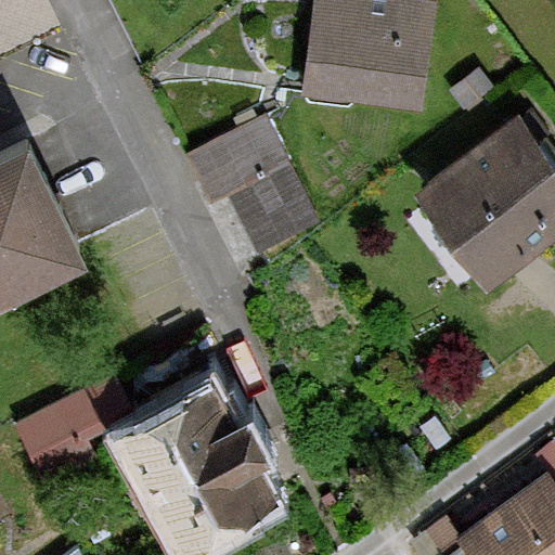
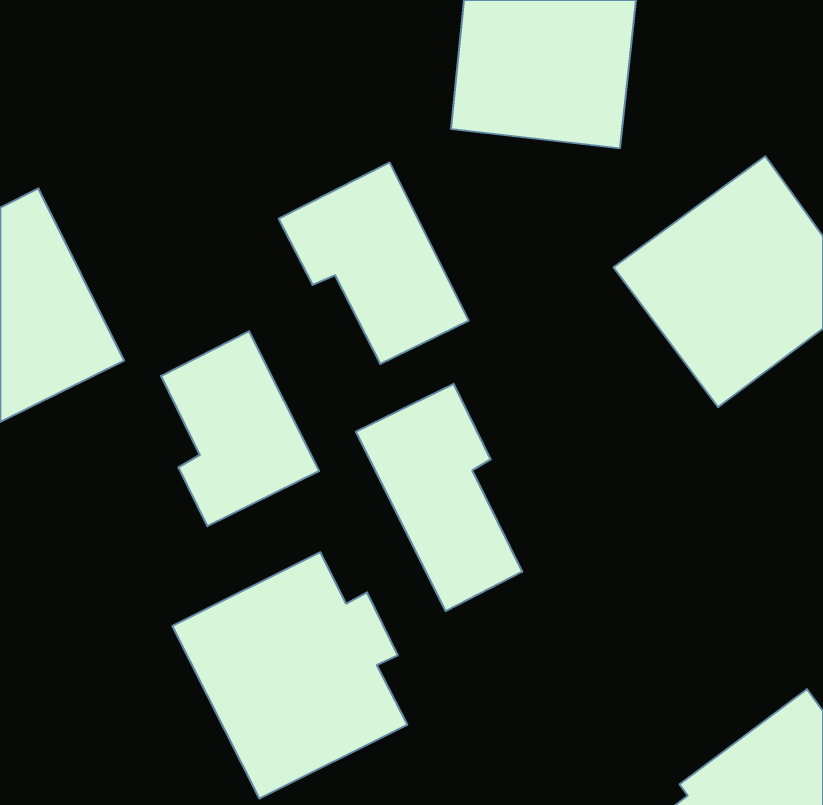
building: none -> [161,331,319,526]
building: none -> [356,384,522,611]
building: [16,378,134,488] -> none

